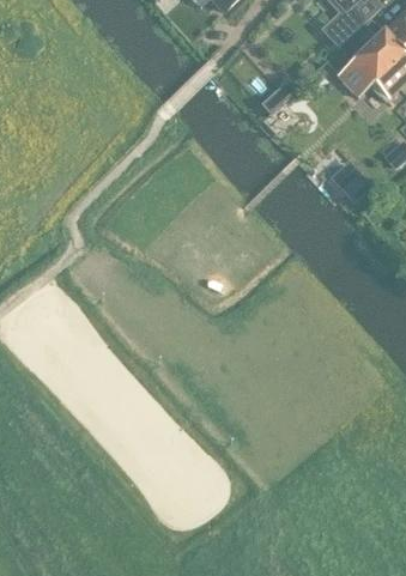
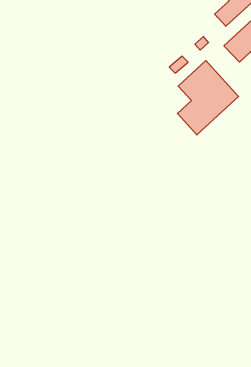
building: none -> [177,61,239,135]

